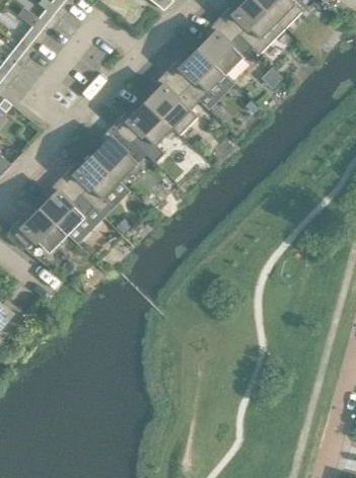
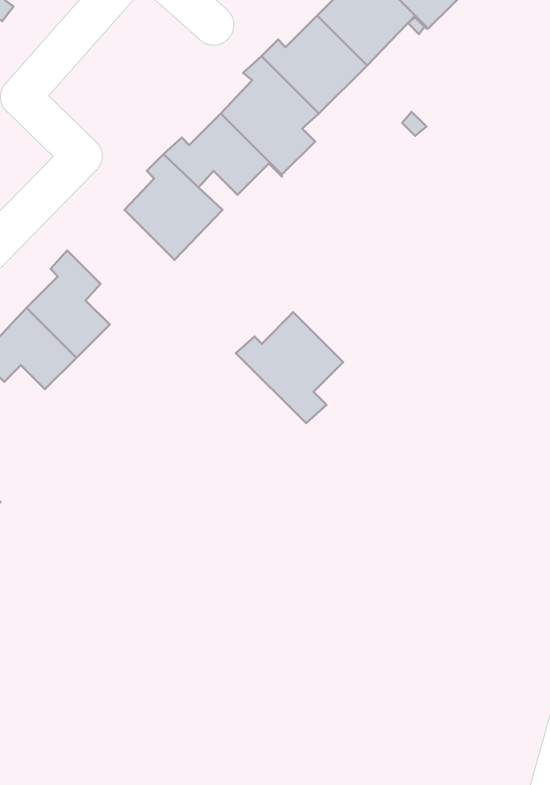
building: [61,154,120,215] -> [236,312,343,423]

